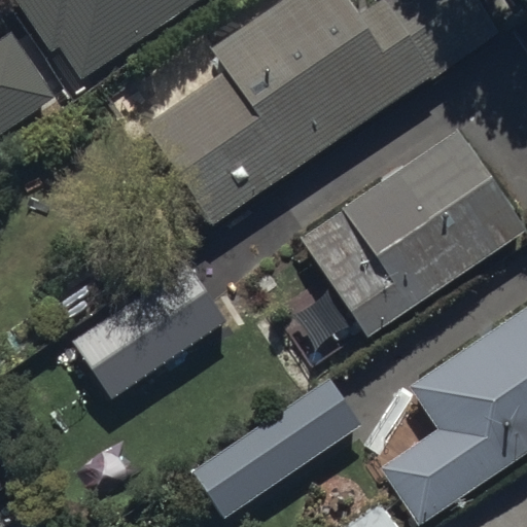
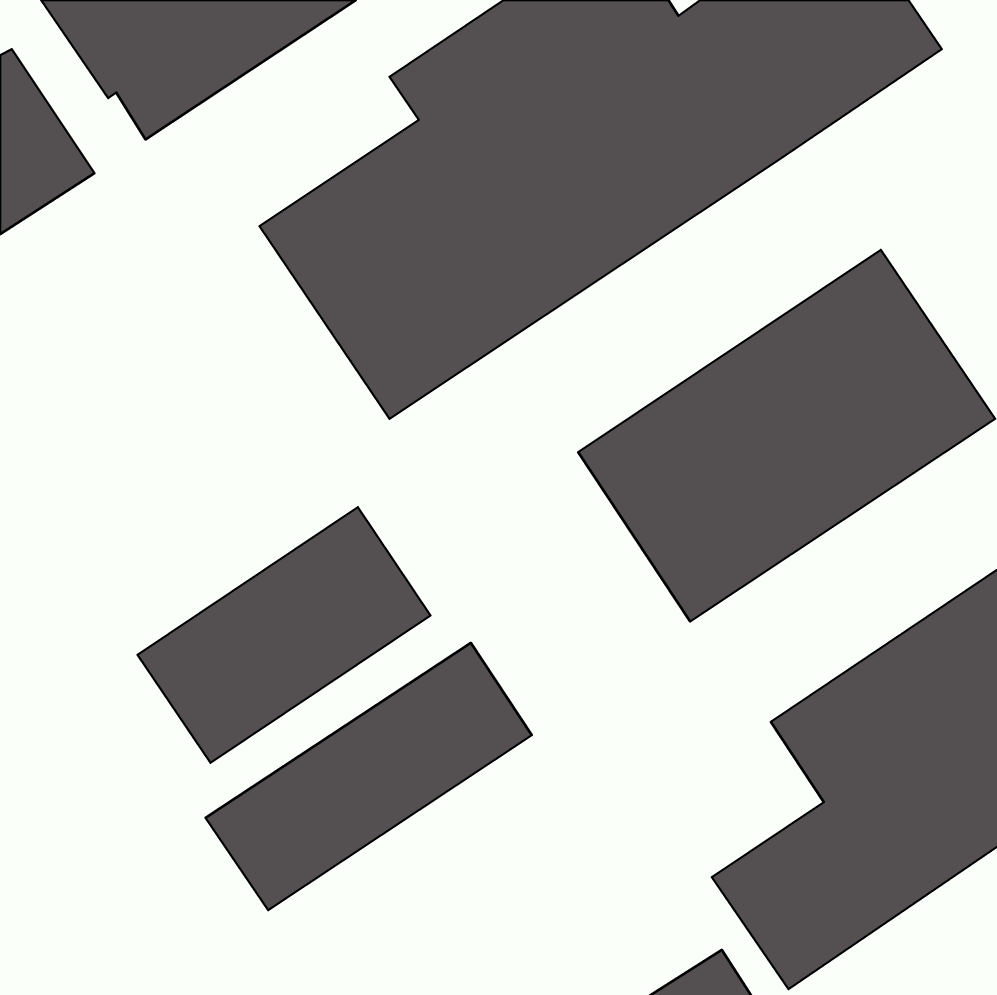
building: [190,377,361,517] -> [205,643,532,910]

